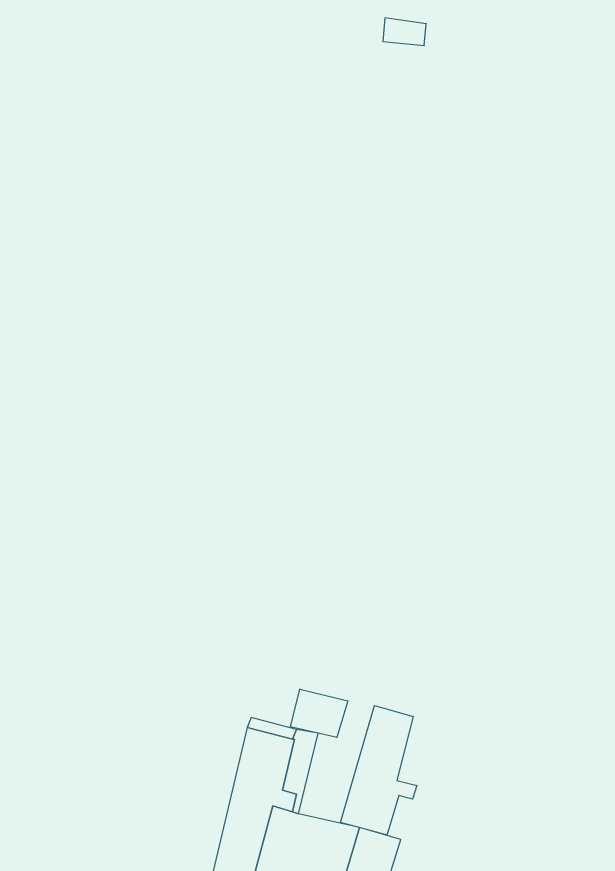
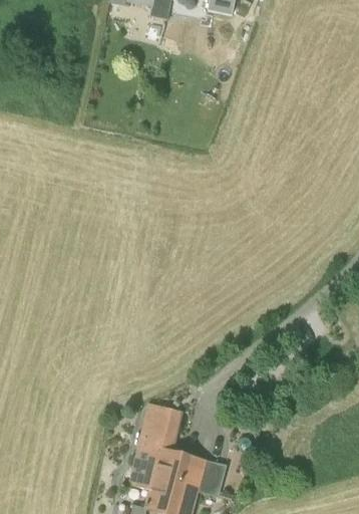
building: [291,689,348,738] -> none
building: [340,706,417,835] -> none

